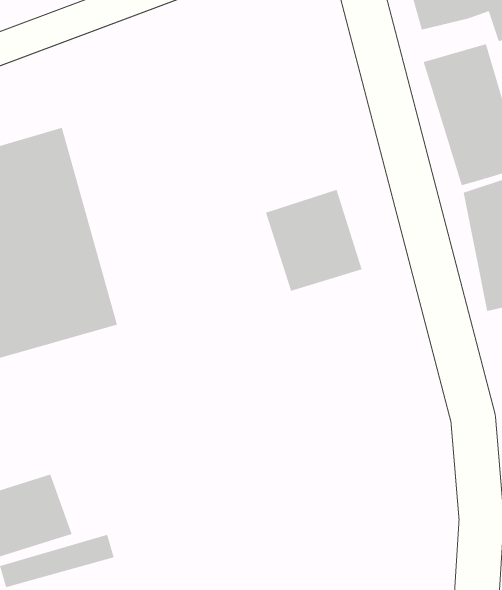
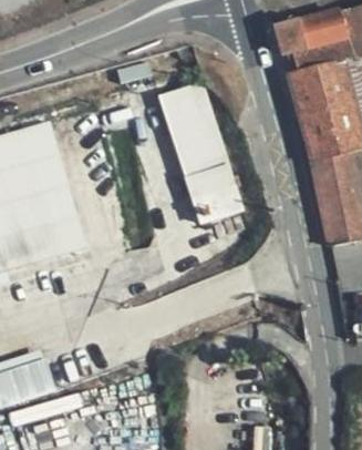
building: none -> [156,83,229,176]

